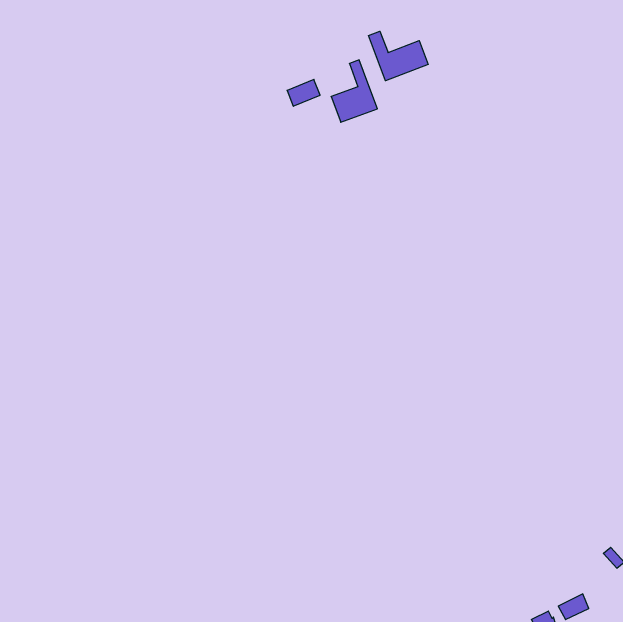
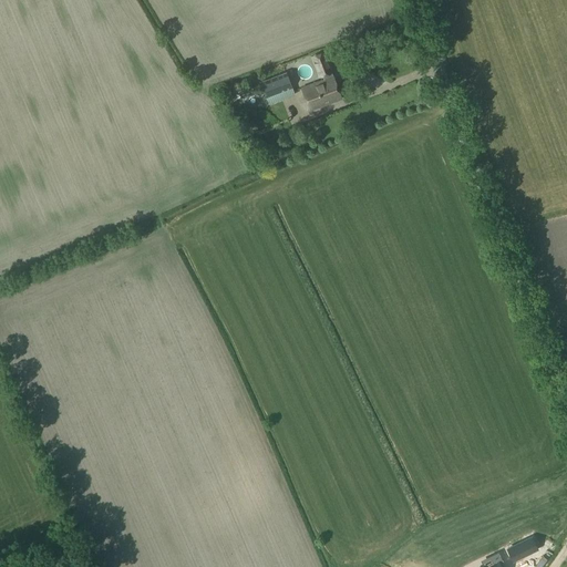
building: [368,31,428,81] -> none

